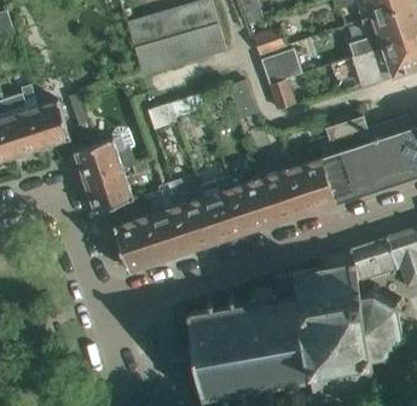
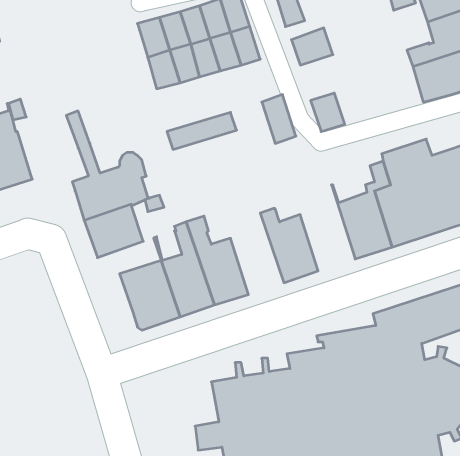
building: [261,51,300,85] -> none
building: [29,100,71,149] -> none
building: [260,153,305,224] -> none
building: [199,176,247,243] -> none

